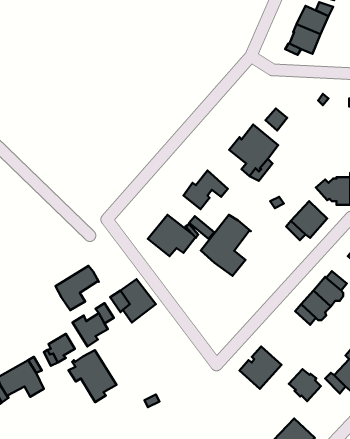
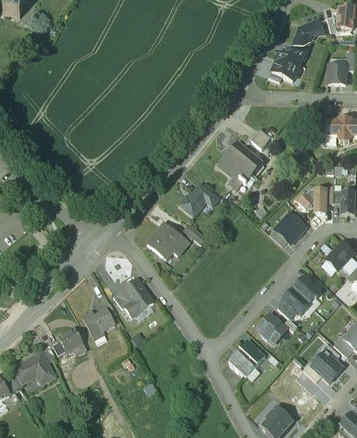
building: [201,215,251,276] -> none
building: [56,266,99,310] -> none
building: [69,350,116,402] -> none
building: [289,369,321,401] -> [256,321,284,350]

